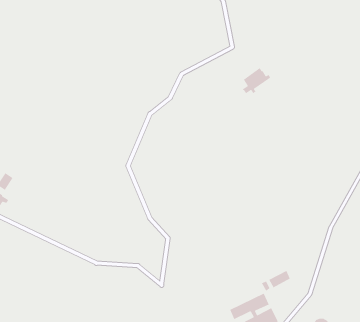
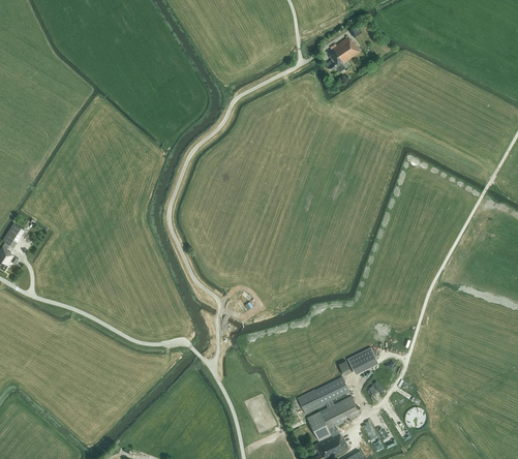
building: [242,67,271,94] -> [325,36,362,70]

